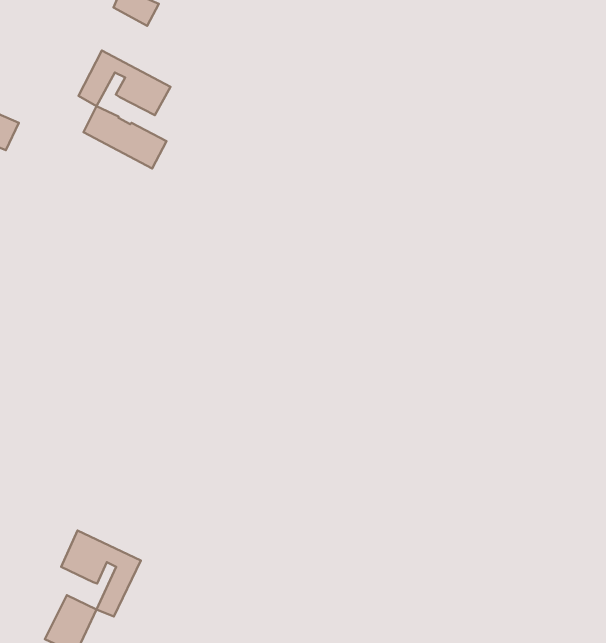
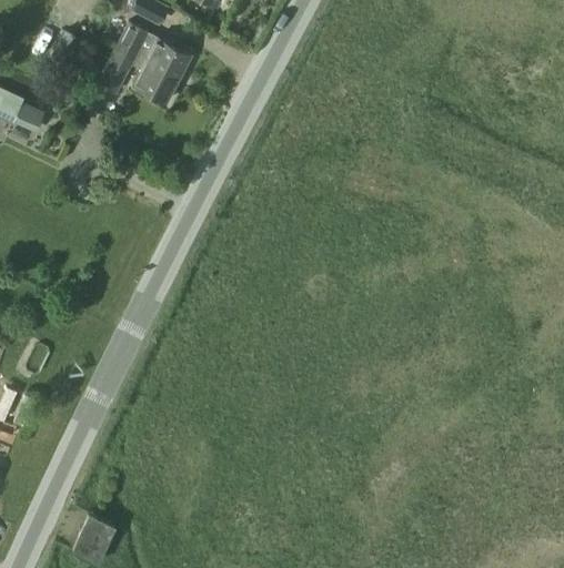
building: [84,106,167,168] -> [120,27,191,80]
building: [61,531,141,617] -> none

